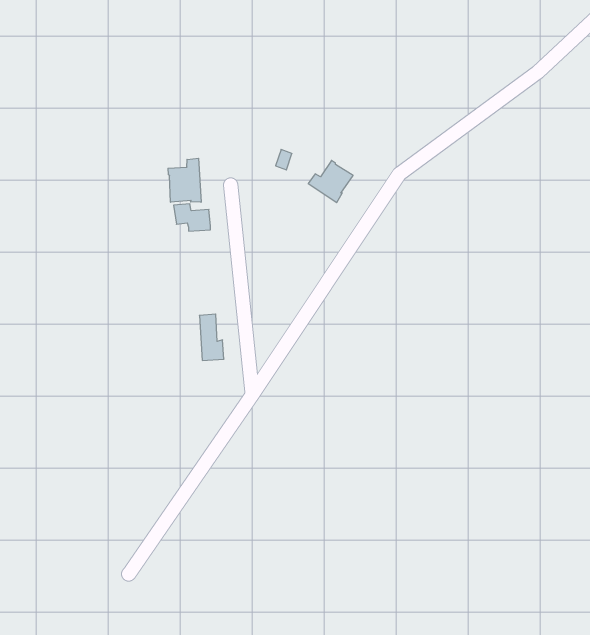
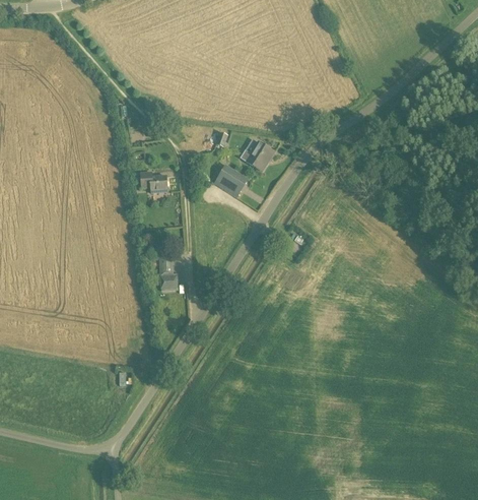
building: [168,158,201,202] -> none
building: none -> [212,164,248,197]

